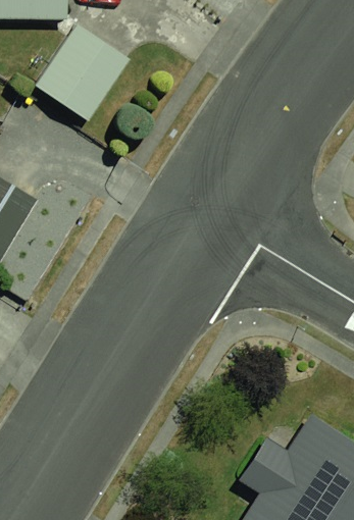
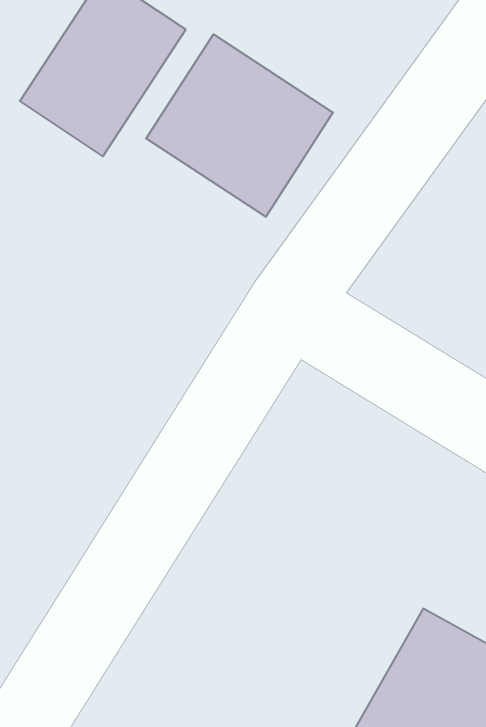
building: none -> [146,34,333,217]

